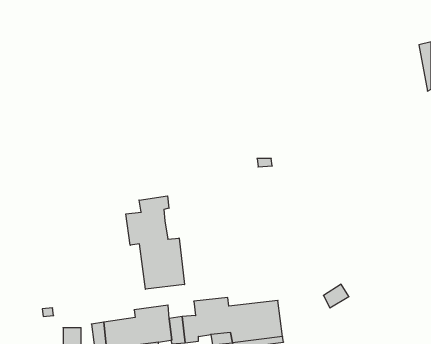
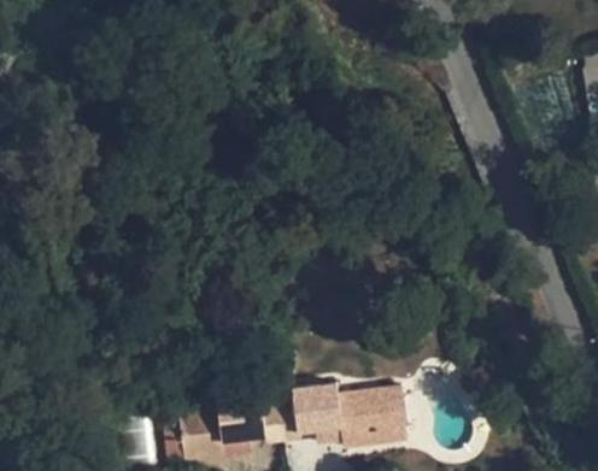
building: [126,196,184,289] -> none

